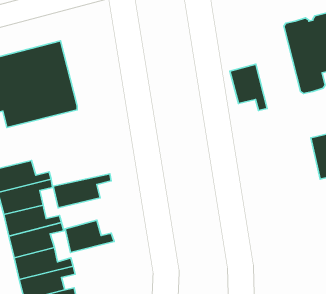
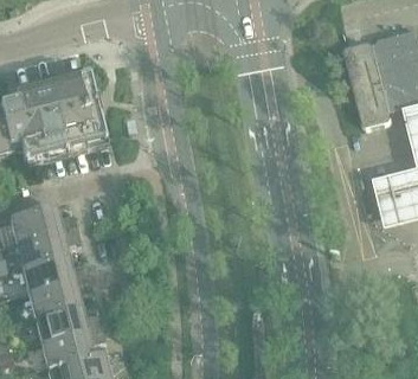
building: [230,64,267,110] -> none
building: [53,174,111,208] -> none
building: [65,220,114,253] -> none

